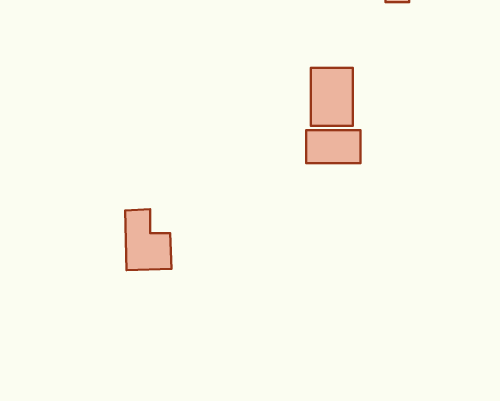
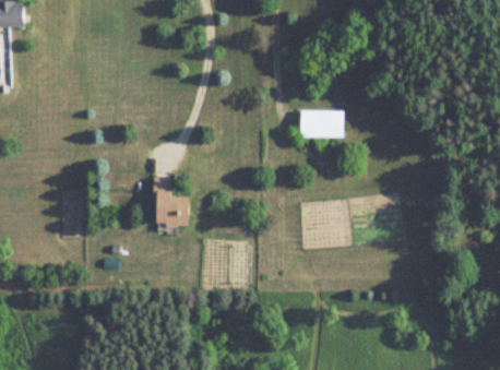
building: [311,68,353,126] -> none

